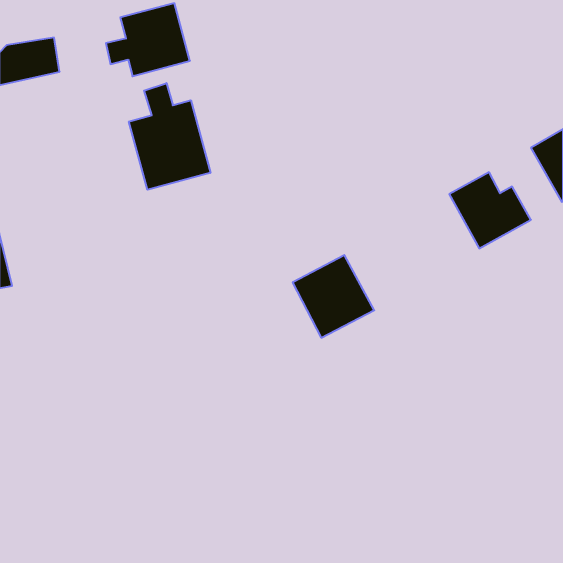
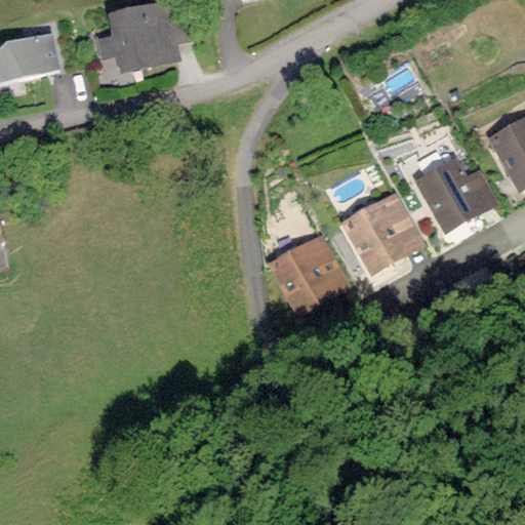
building: [129,83,210,190] -> none
building: none -> [346,195,421,272]

